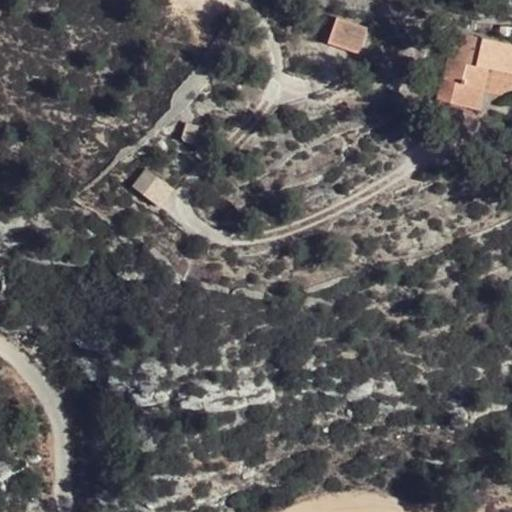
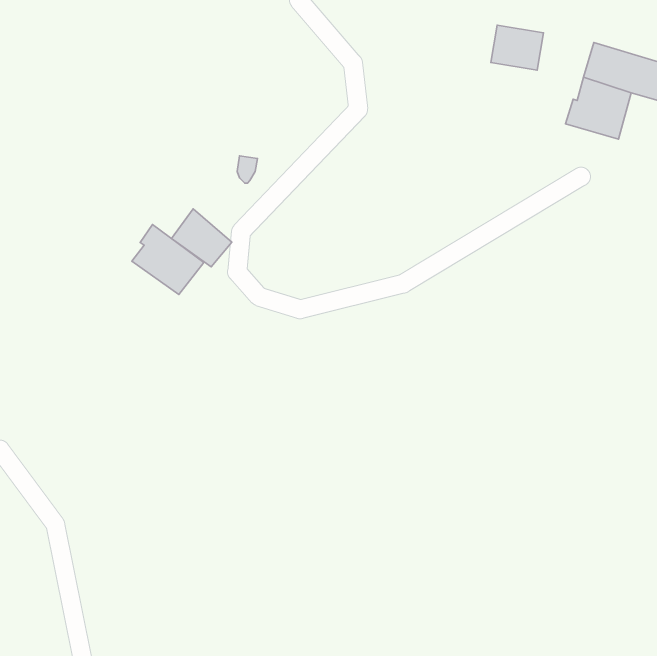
building: [326,19,367,54] -> [491,25,544,70]
building: none -> [132,225,204,295]

